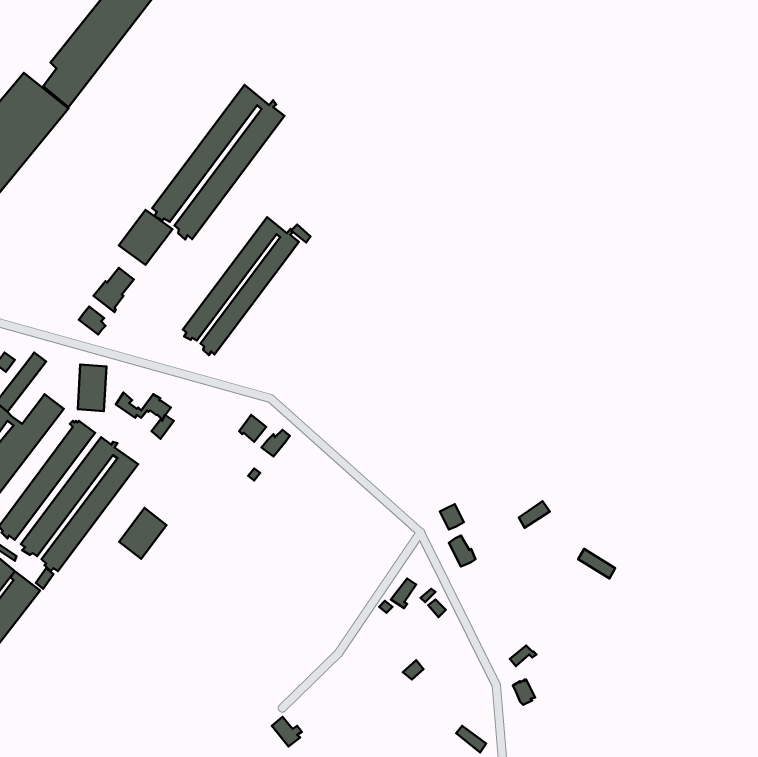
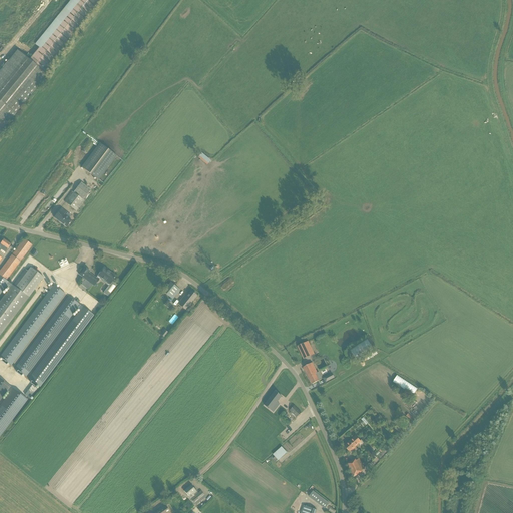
building: [152,85,284,240] -> none
building: [183,217,299,355] -> none
building: [78,364,106,411] -> none
building: [119,508,166,559] -> none

